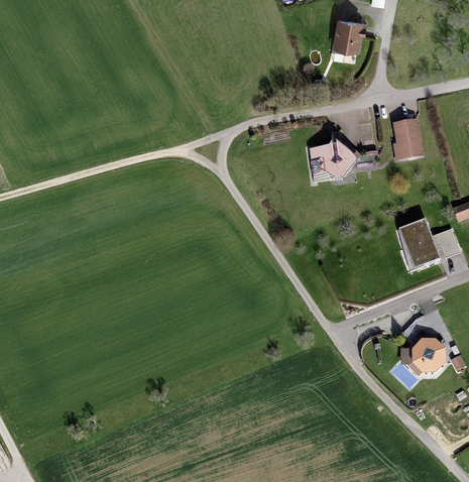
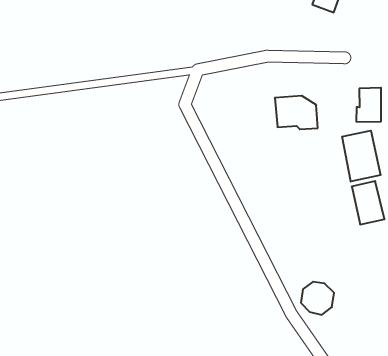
building: none -> [342,131,381,182]
building: [412,338,444,370] -> [301,282,334,315]

